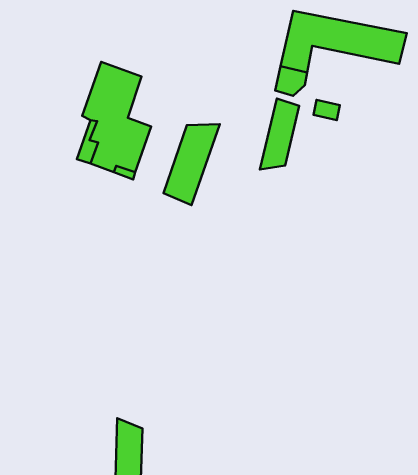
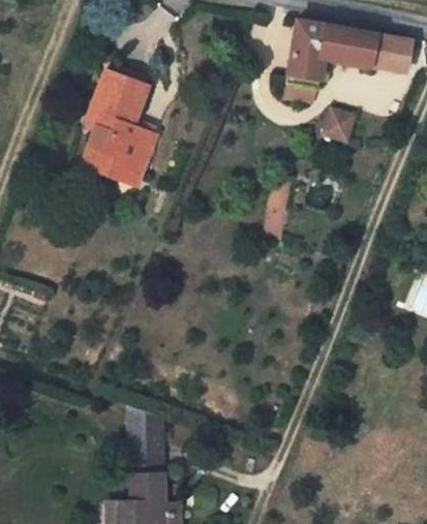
building: [260,99,299,170] -> none
building: [164,124,220,205] -> none

